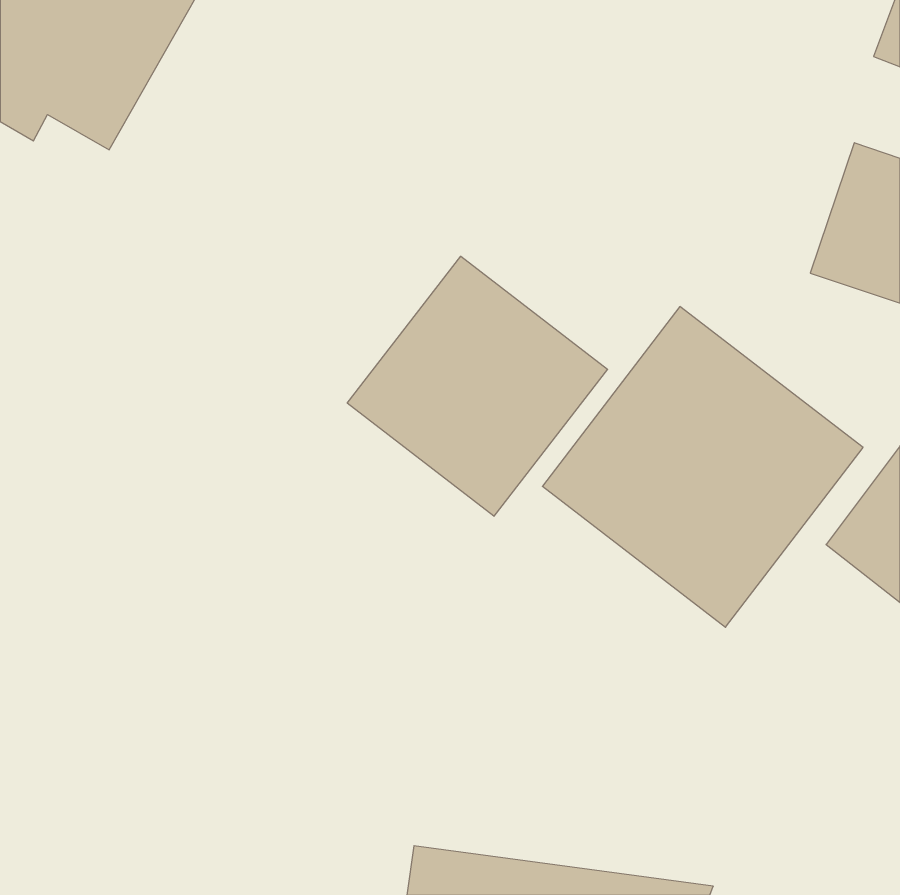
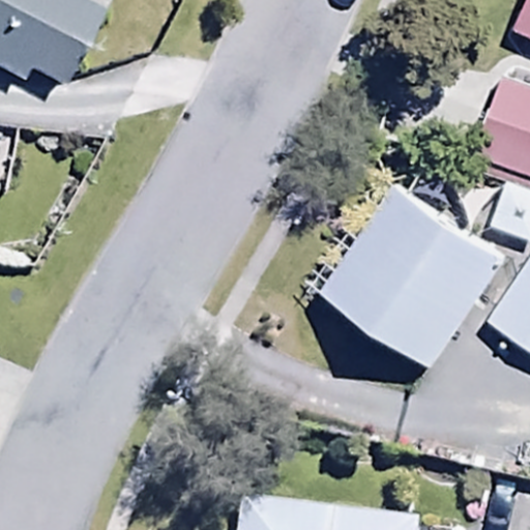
building: [347,256,608,516] -> none

